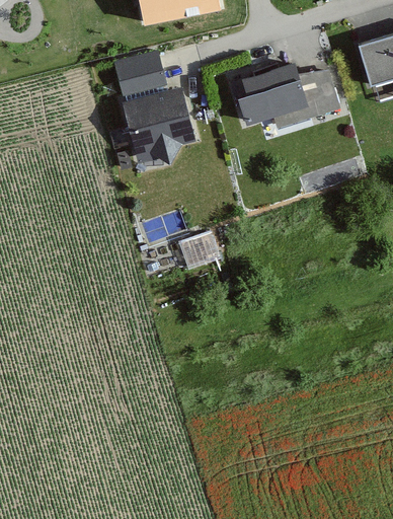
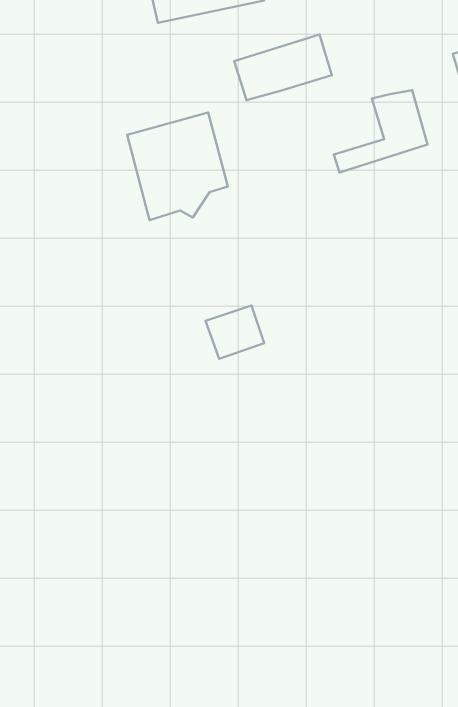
building: [112,50,166,95] -> none
building: [237,75,308,123] -> [234,35,332,100]

